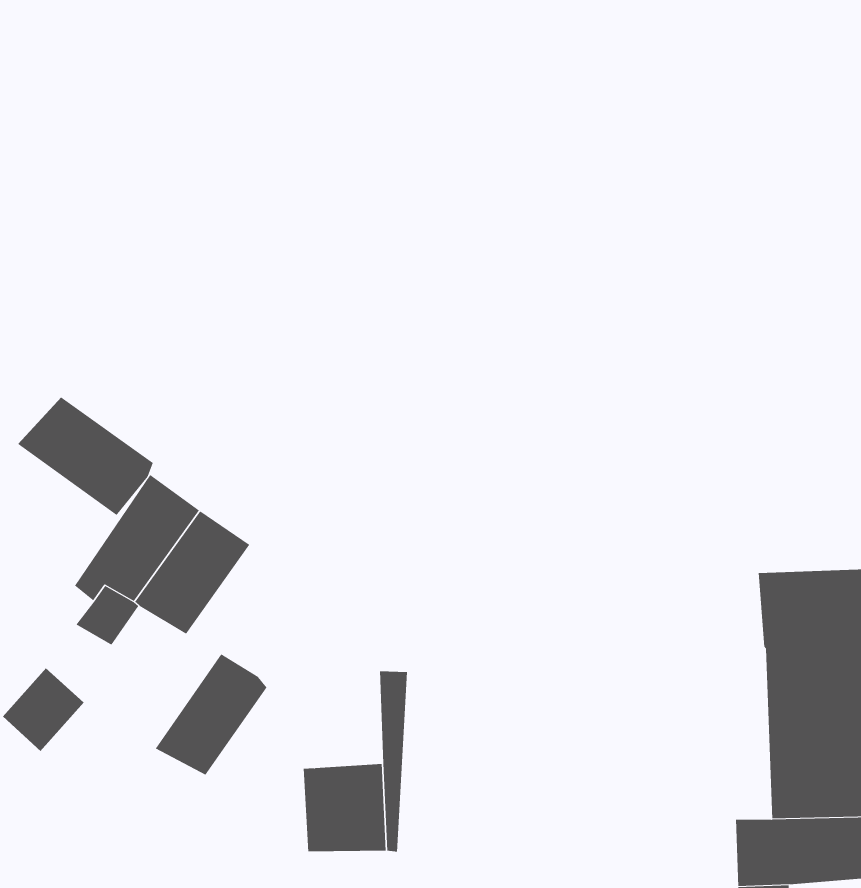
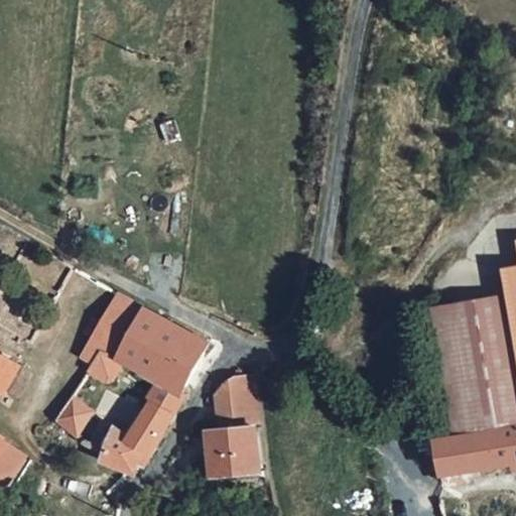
building: [17,396,153,516] -> none
building: none -> [139,321,204,390]
building: none -> [209,380,249,434]
building: none -> [101,427,157,469]

